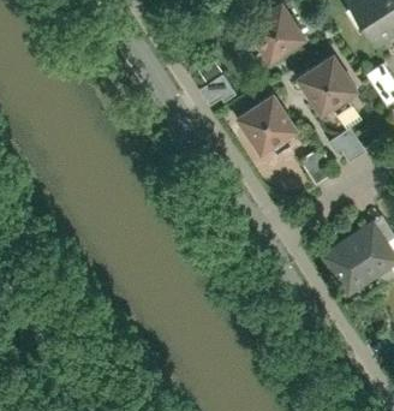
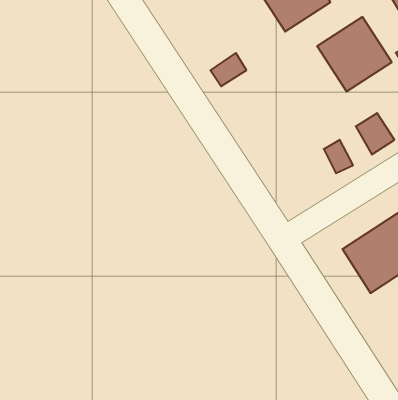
building: [233,90,303,160] -> none

